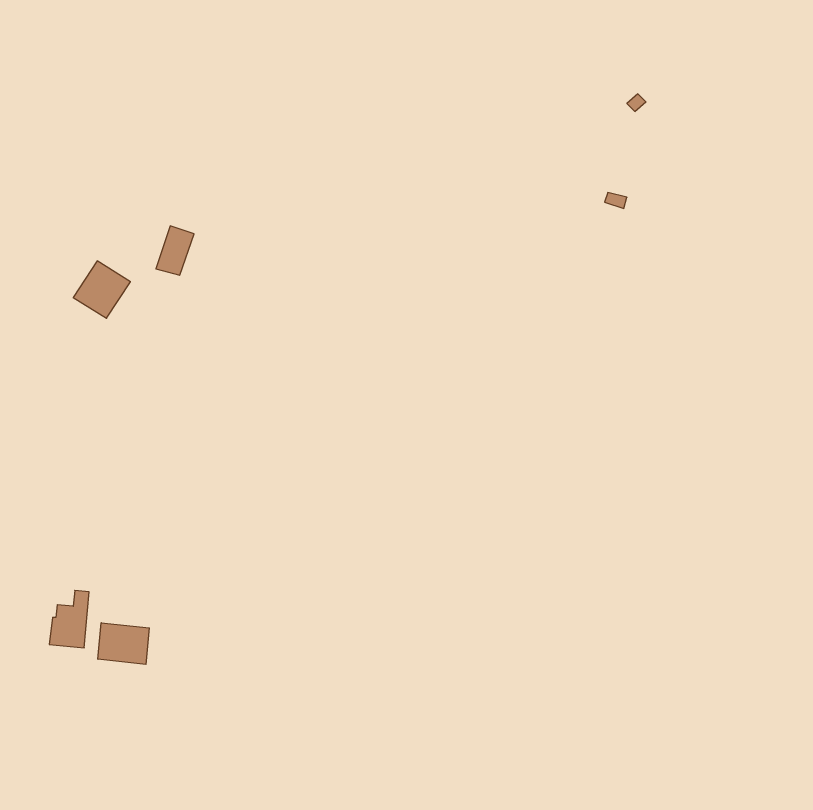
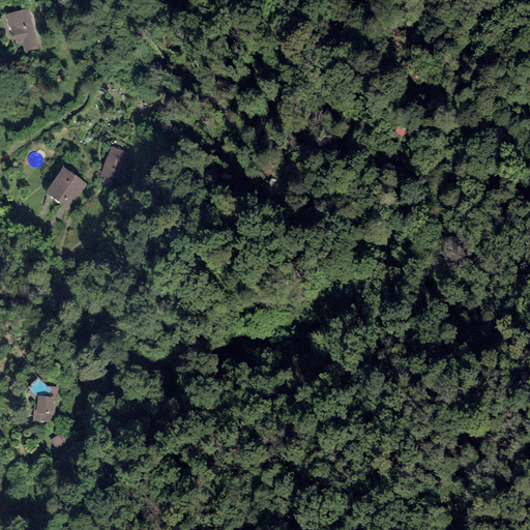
building: none -> [9,10,37,51]
building: [98,623,149,664] -> none

